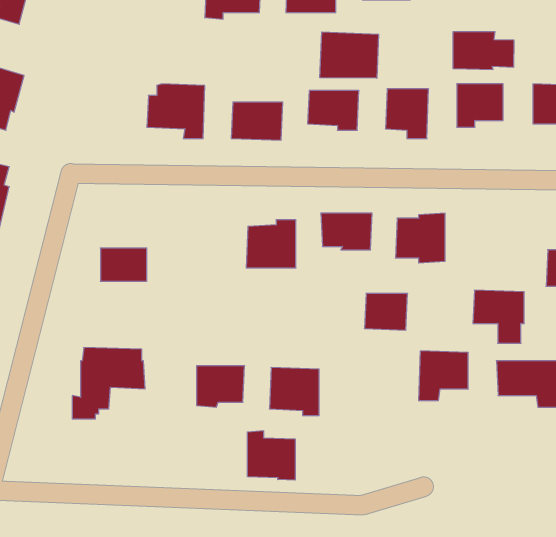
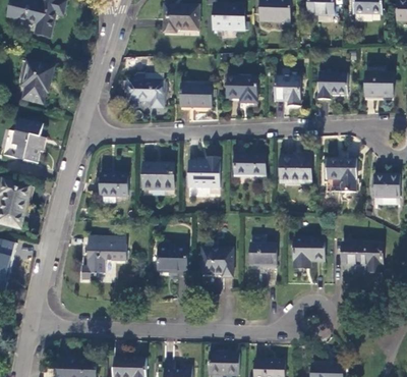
building: [453,32,514,70] -> none
building: [320,32,379,78] -> none
building: none -> [142,162,173,187]
building: [473,290,524,343] -> [325,159,356,192]
building: [364,294,408,330] -> [250,244,277,266]
building: [248,431,295,480] -> none

